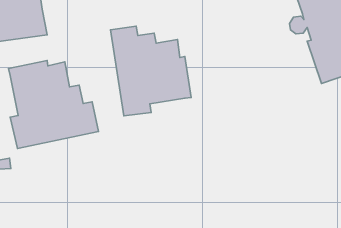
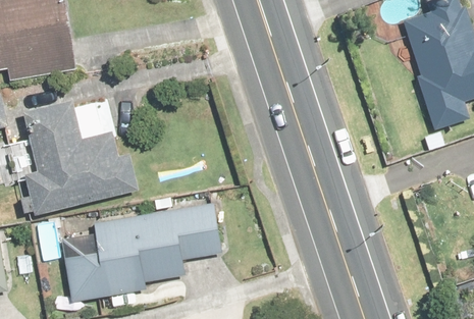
building: [110,26,191,116] -> none
building: none -> [63,204,220,302]

